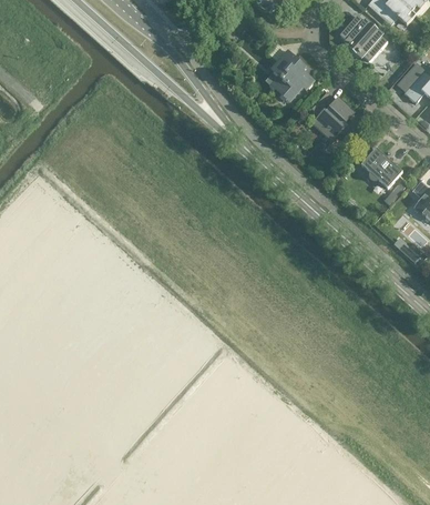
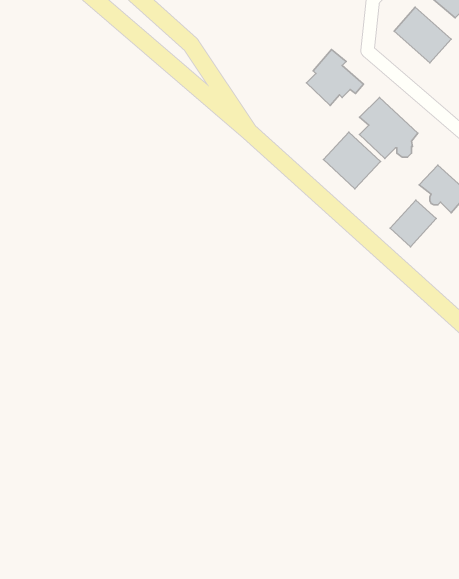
building: none -> [323,132,380,189]
building: none -> [390,200,436,247]

